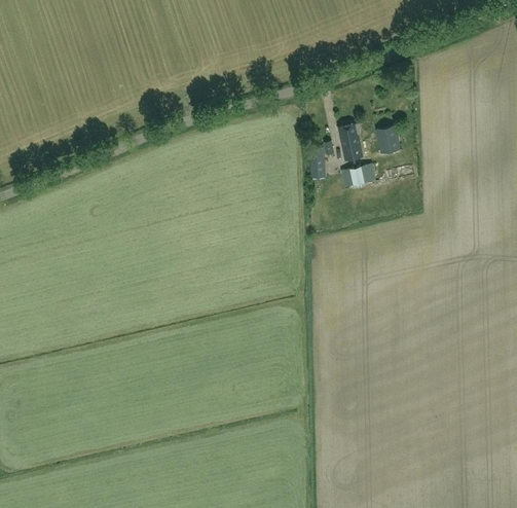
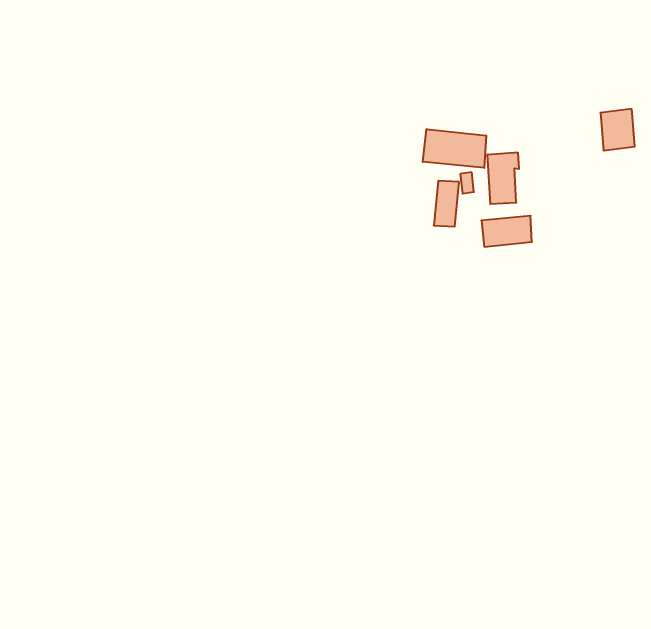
building: none -> [423,129,486,168]
building: [376,126,401,155] -> [600,109,635,150]

